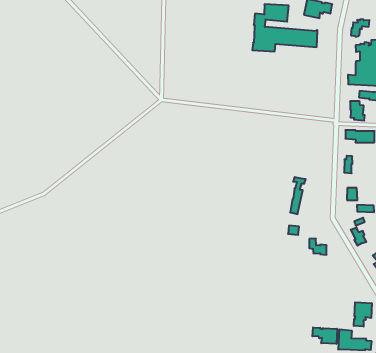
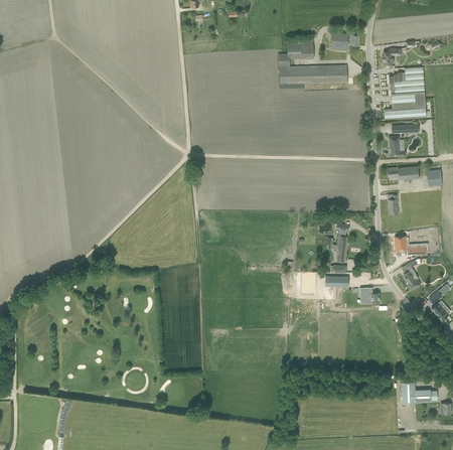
building: [354,302,372,327] -> none
building: [312,327,337,344] -> none

